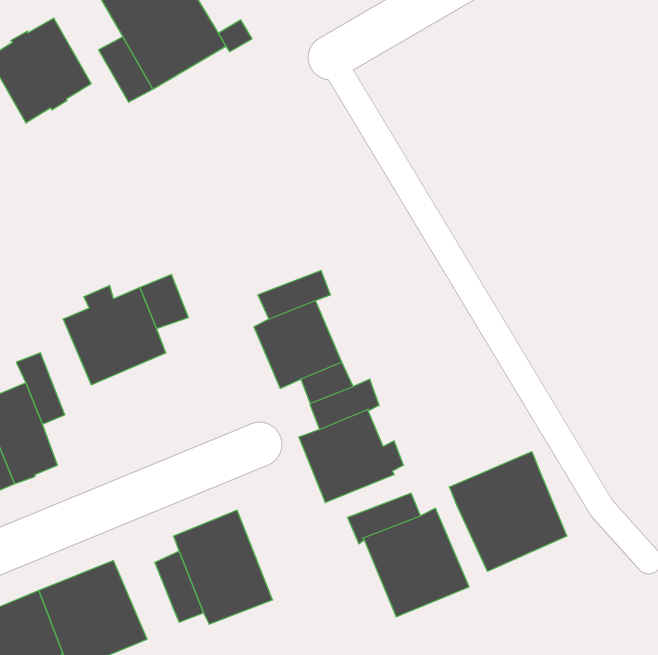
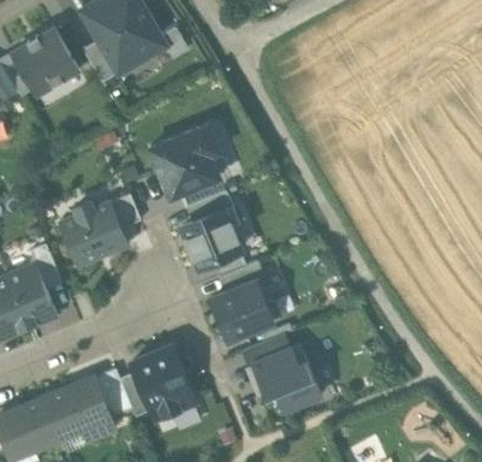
building: none -> [150,125,219,197]
building: [449,452,567,571] -> none
building: none -> [93,368,131,417]

